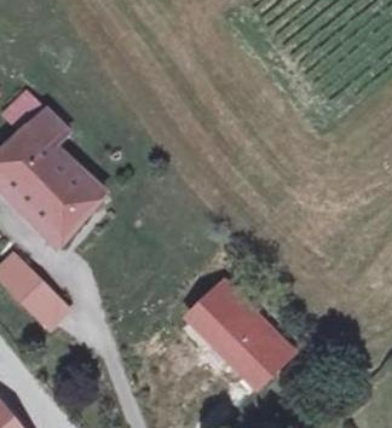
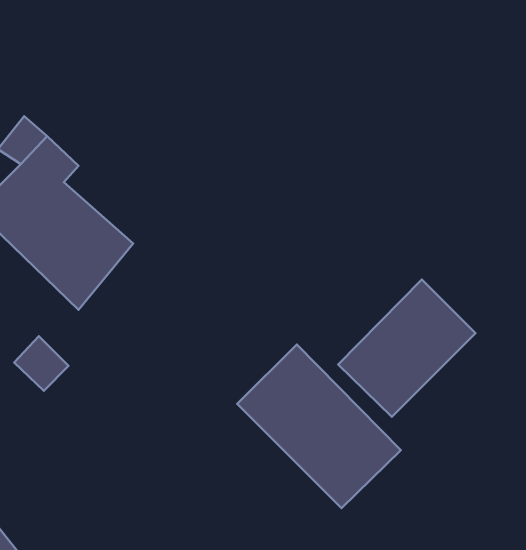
building: none -> [338,279,476,417]

